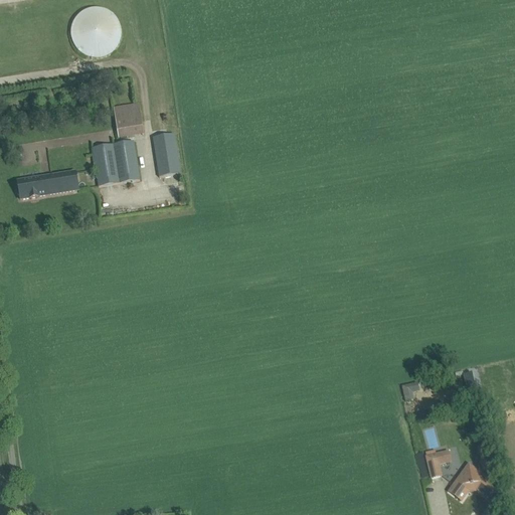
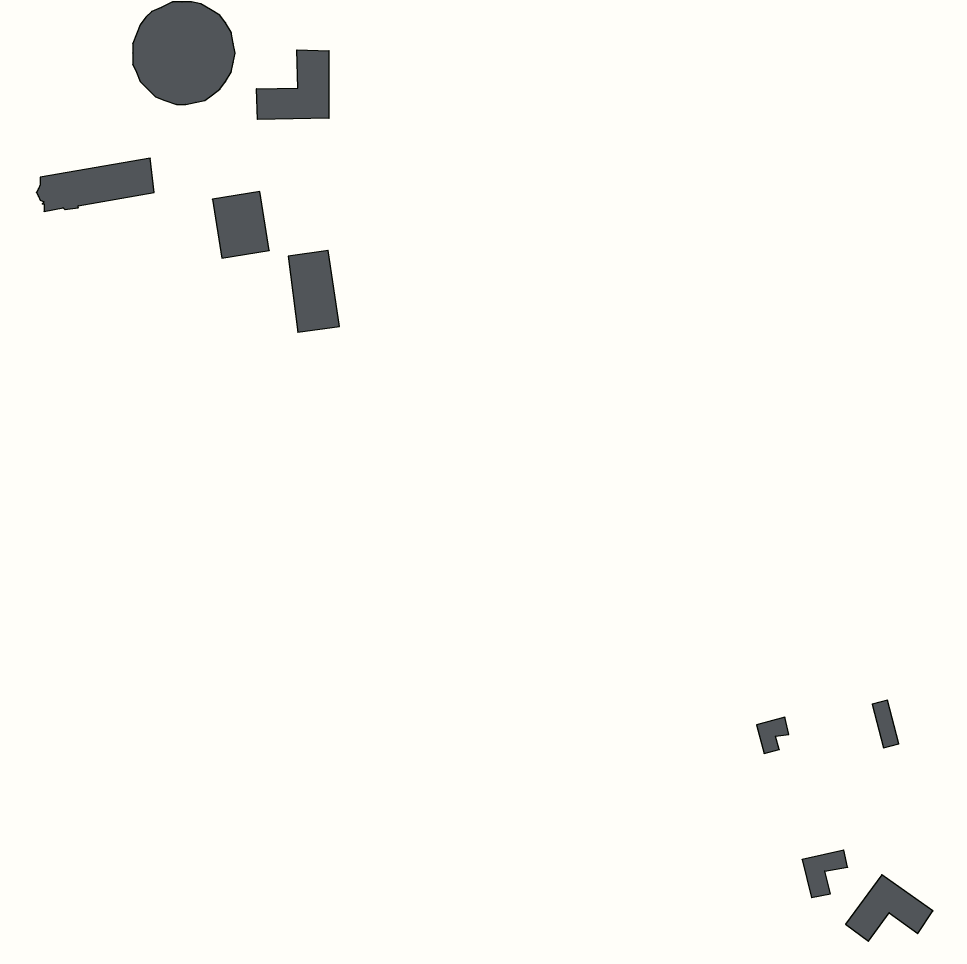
building: none -> [257,50,329,119]
building: [92,140,139,186] -> none
building: [15,170,77,198] -> [36,158,154,211]

